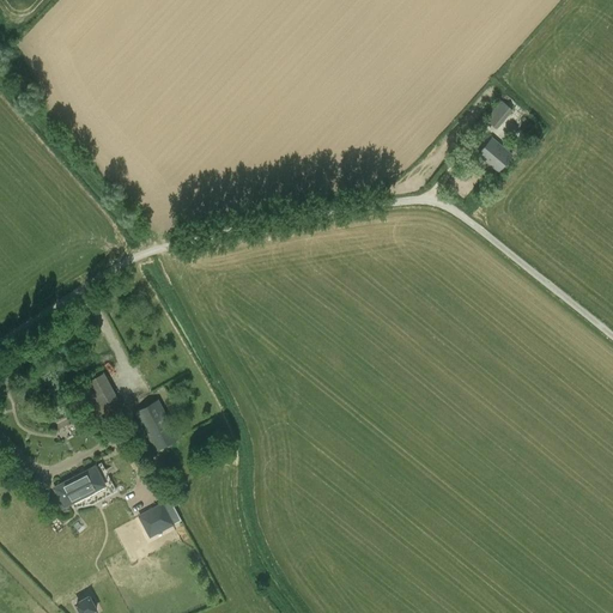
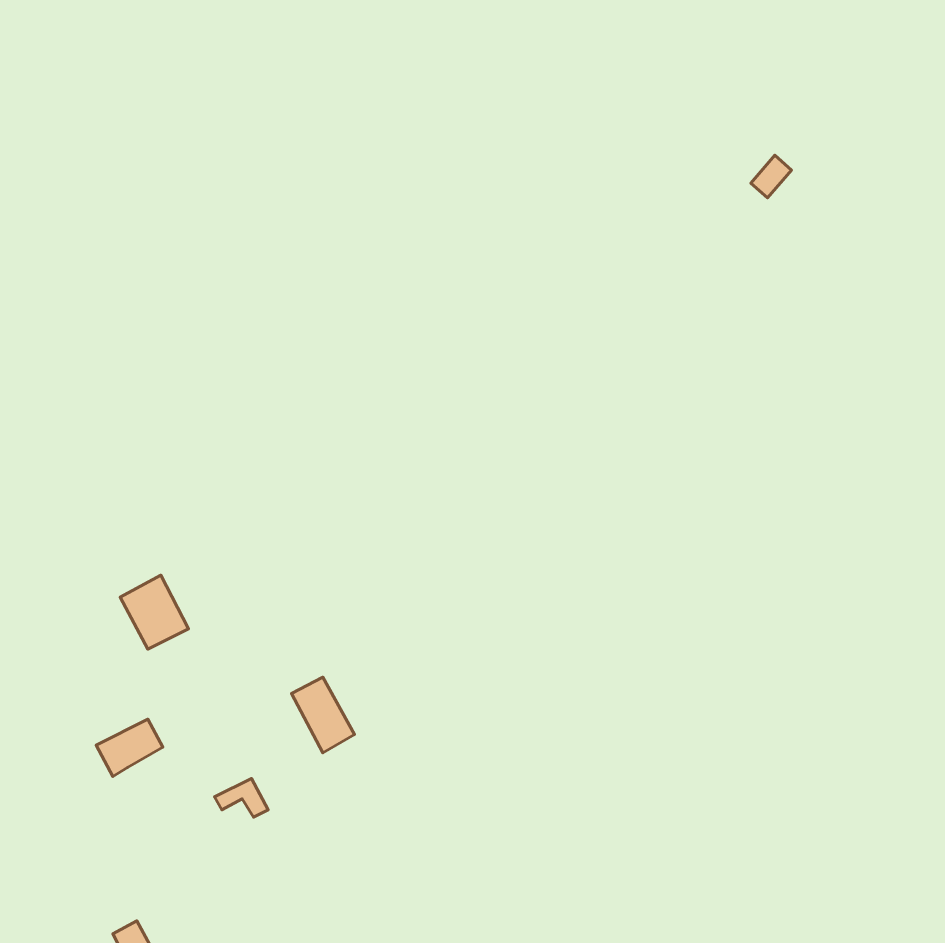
building: [478,139,511,171] -> none
building: [136,402,177,451] -> [292,677,354,753]

